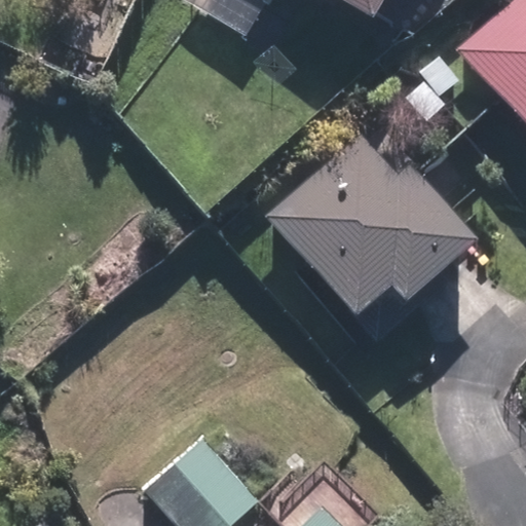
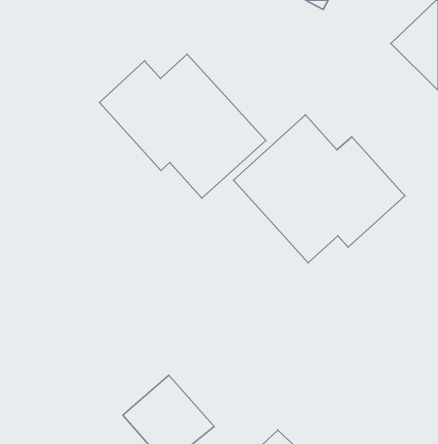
building: none -> [99,54,266,198]

